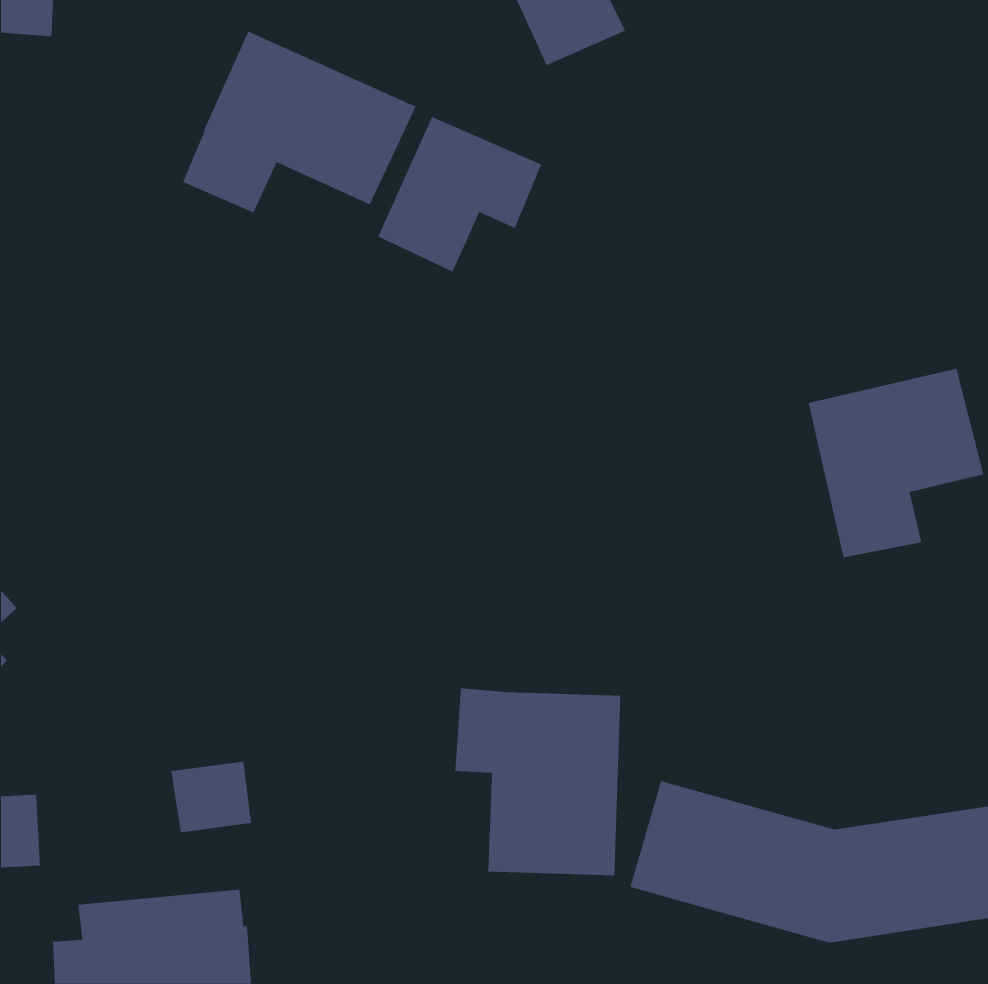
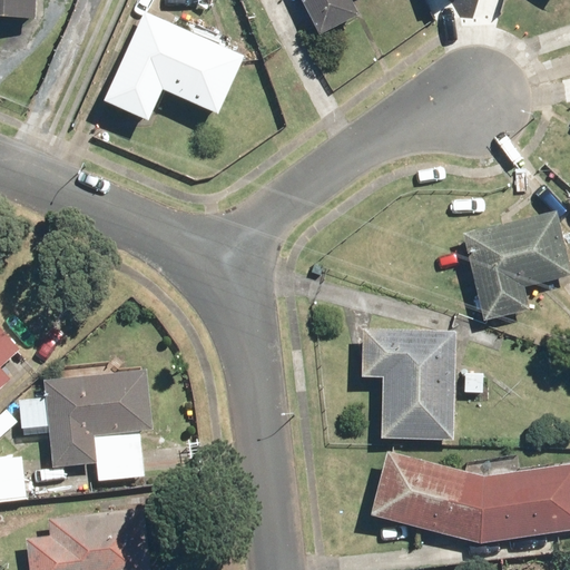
building: [378,116,542,273] -> none
building: none -> [45,368,151,466]
building: [454,688,621,876] -> [357,327,453,435]

